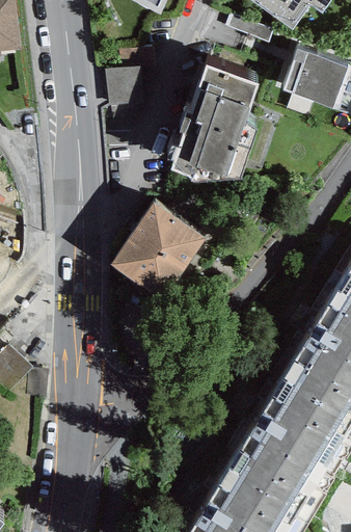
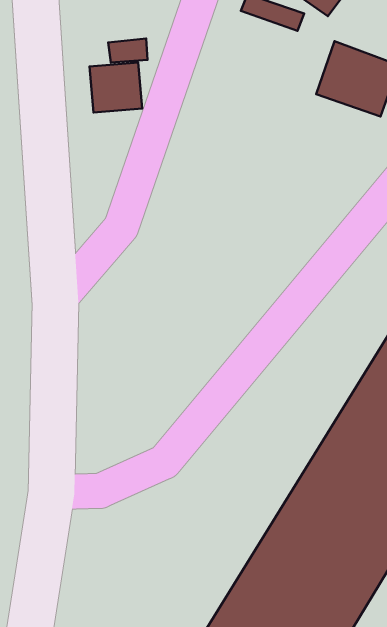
building: [168,65,258,181] -> none
building: [111,200,207,298] -> none

